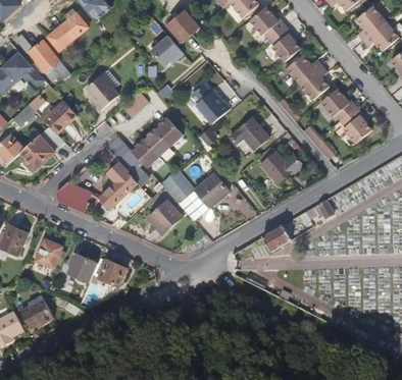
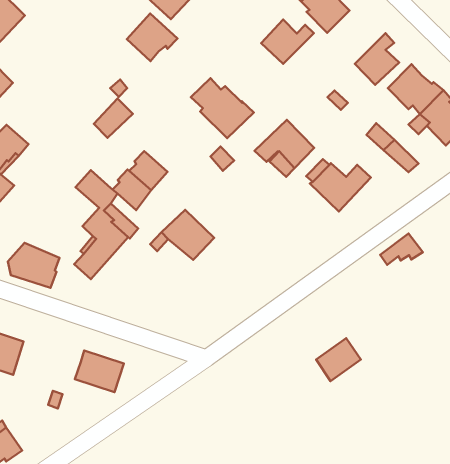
building: [287,54,322,84] -> [261,19,314,64]
building: [87,74,119,109] -> none
building: [155,115,182,143] -> none
building: [181,173,230,219] -> none
building: [148,200,183,234] -> none
building: [261,224,291,252] -> [316,338,361,381]
building: [68,254,98,281] -> none

